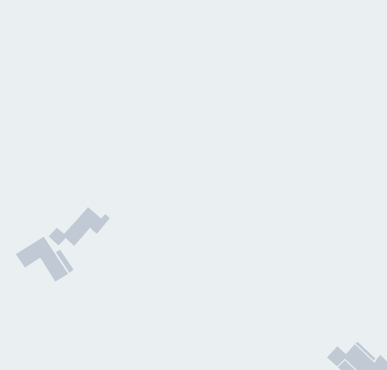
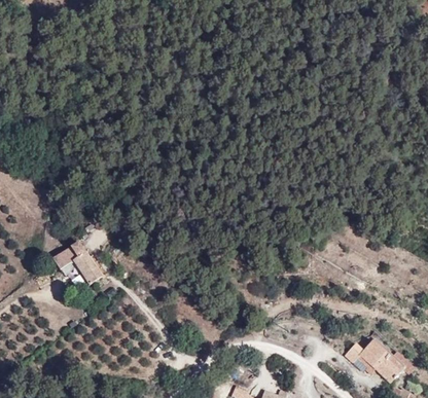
building: [48,206,111,247] -> none

